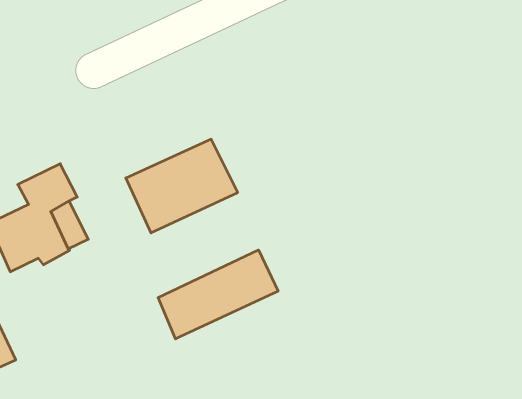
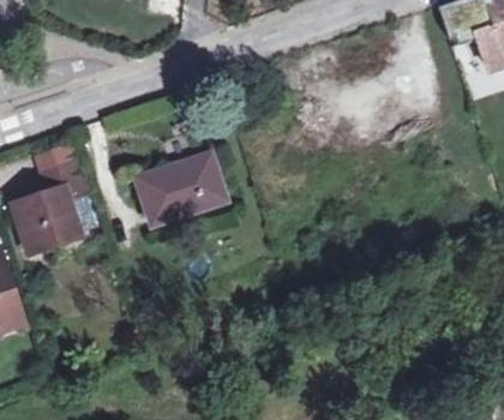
building: [158,250,278,339] -> none

